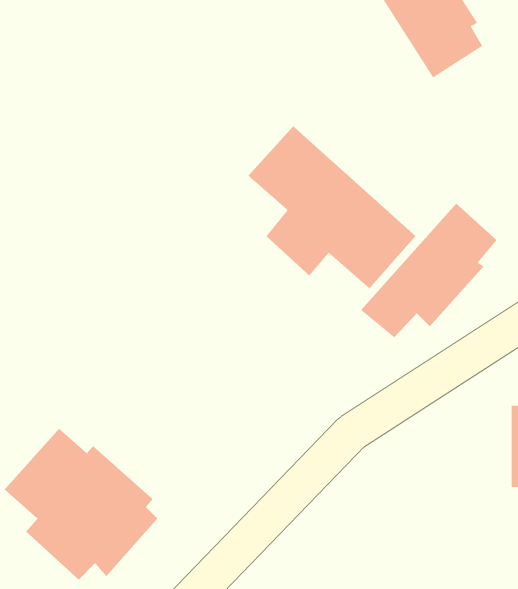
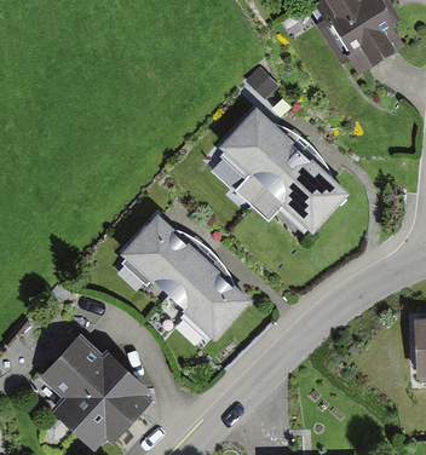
building: [360,203,498,338] -> none
building: none -> [117,211,249,340]

